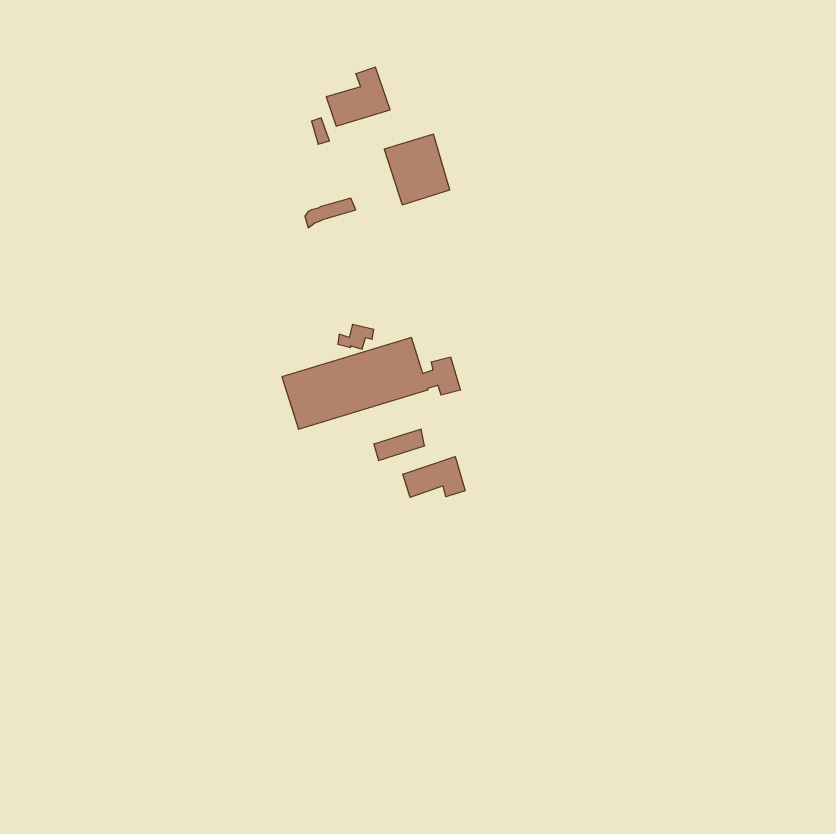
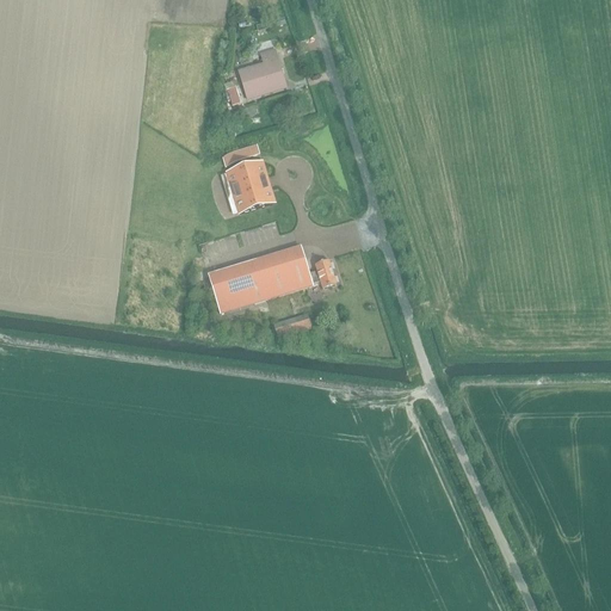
building: [384,134,450,205] -> [226,161,273,212]
building: [403,457,465,497] -> none

